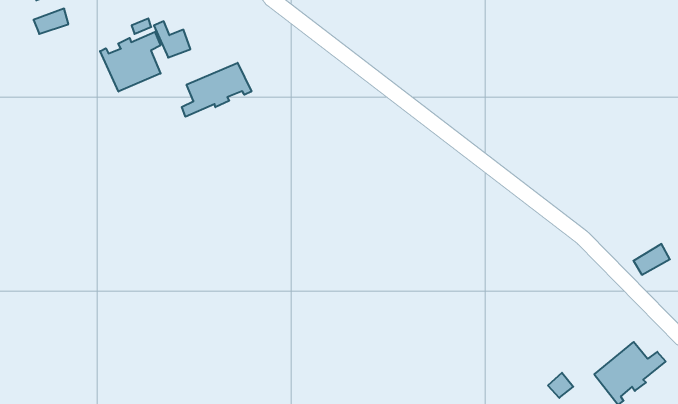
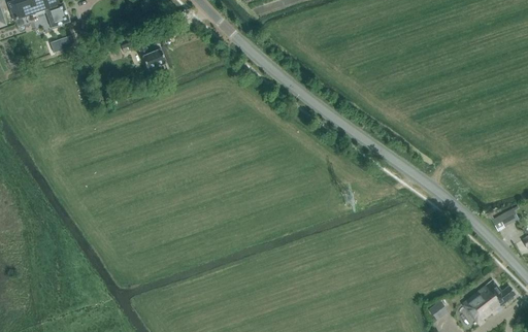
building: [100,32,161,92] -> none
building: [182,63,251,117] -> none

